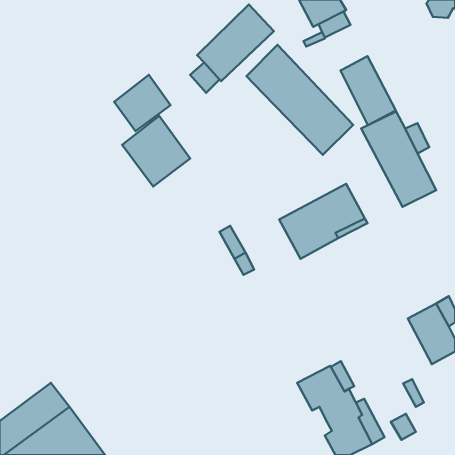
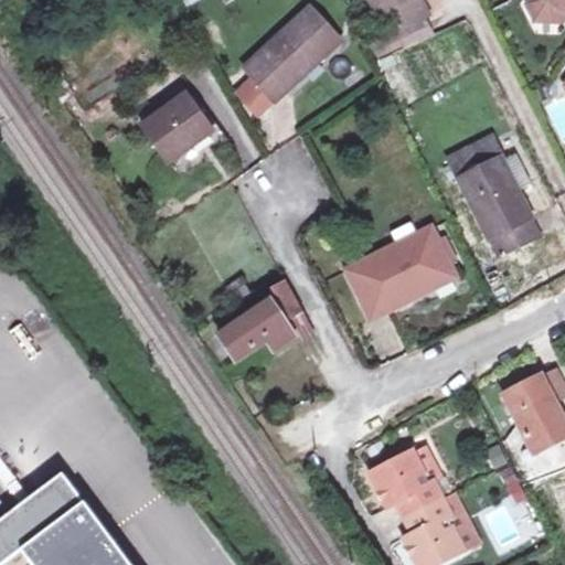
building: [247,45,353,155] -> none
building: [340,56,396,125] -> none
building: [122,116,190,187] -> none
building: none -> [218,300,294,360]

